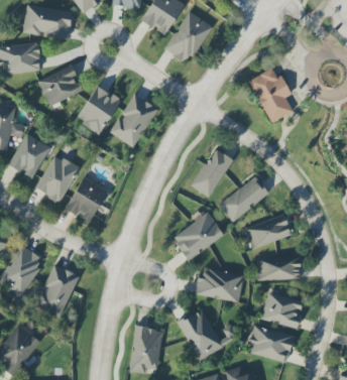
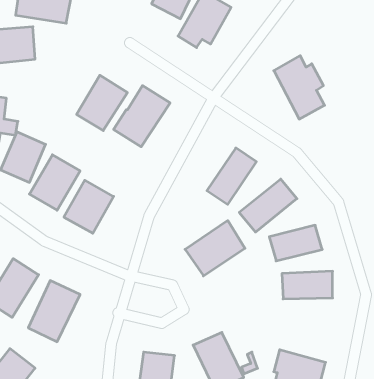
building: [38,67,82,105] -> none
building: [196,267,244,301] -> none
building: [261,292,304,328] -> none

